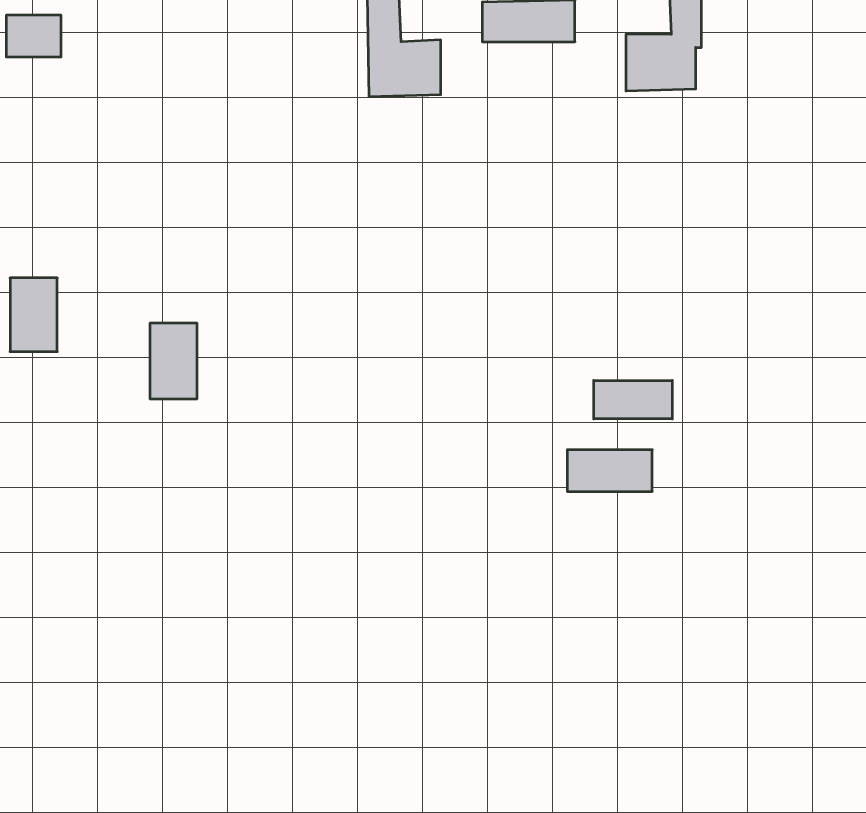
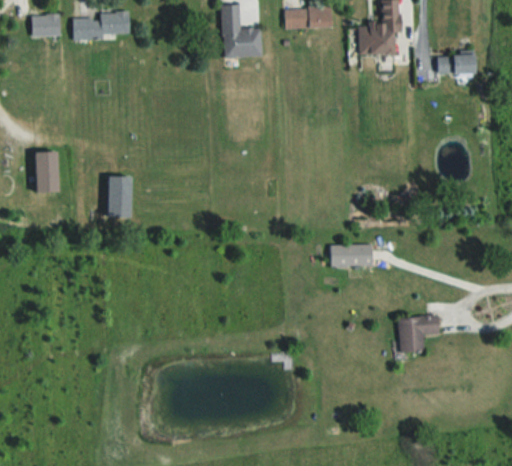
building: none -> [72,14,130,37]
building: none -> [437,56,476,73]
building: [594,380,672,419] -> none
building: none -> [398,317,438,355]

